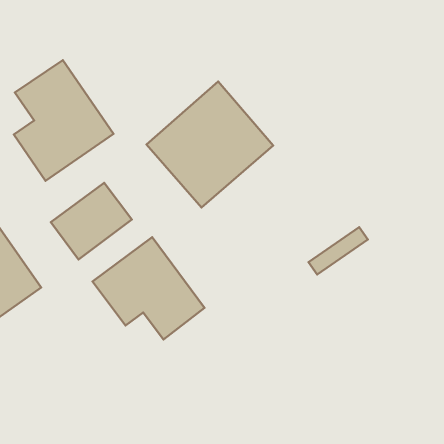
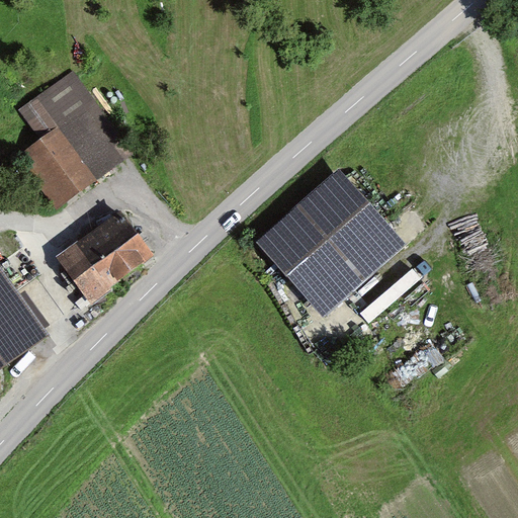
building: [146,82,273,208] -> [257,169,404,315]
building: [92,237,205,339] -> none

